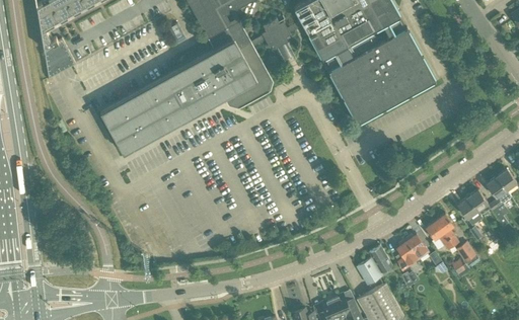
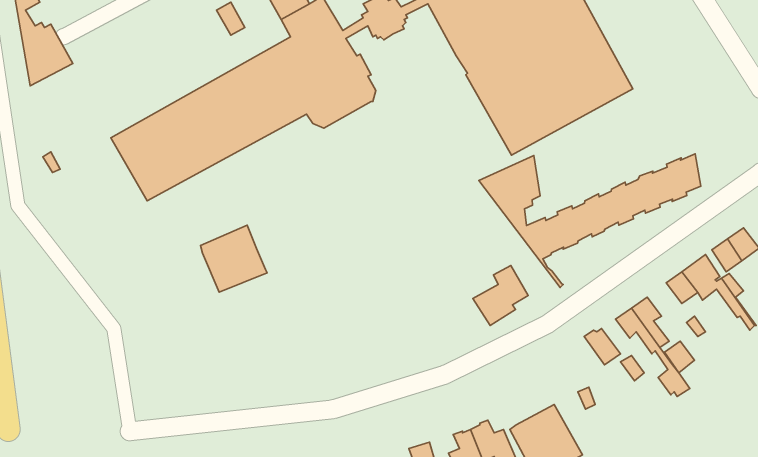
building: none -> [479,154,701,287]
building: none -> [201,225,267,292]
building: [396,240,419,272] -> none
building: [356,247,391,286] -> [473,265,528,325]

